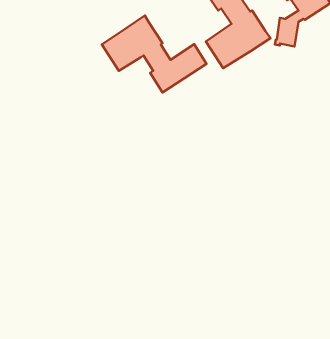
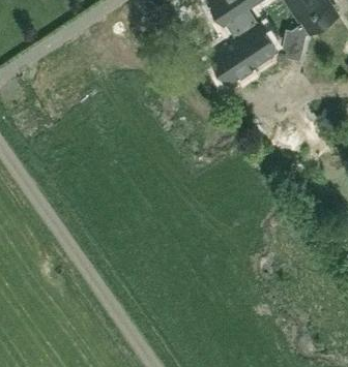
building: [102,15,207,92] -> none

